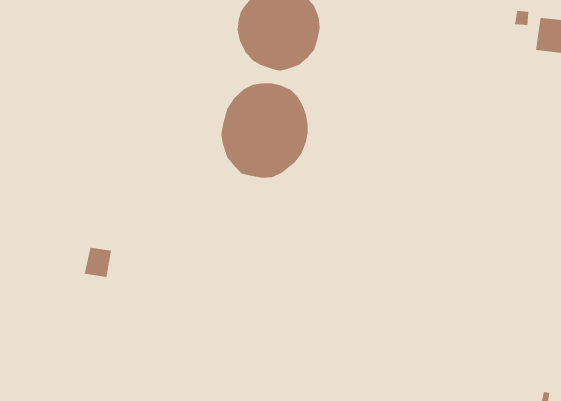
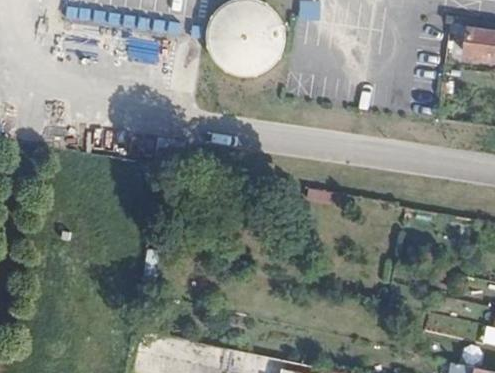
building: [221,82,308,178] -> none

